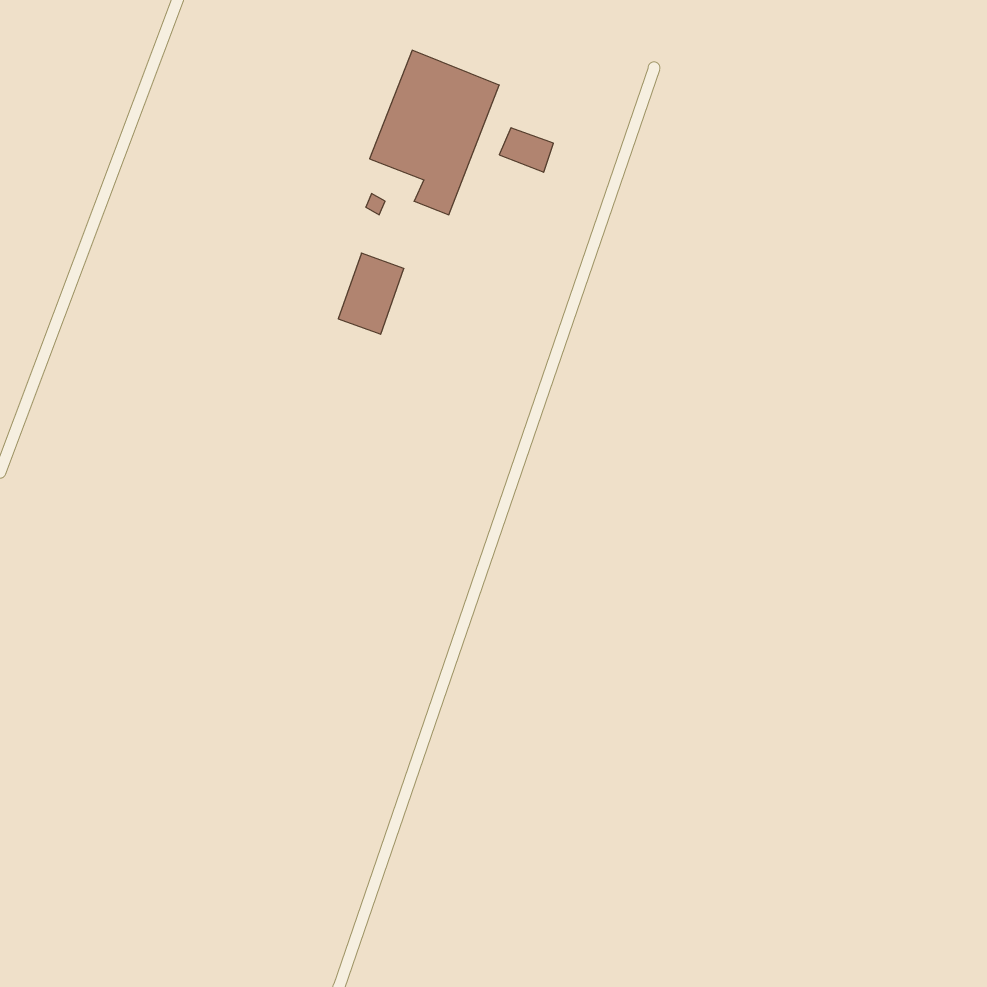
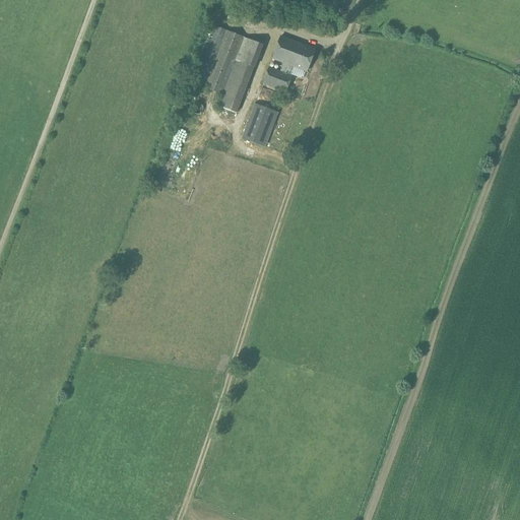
building: none -> [272,36,316,71]
building: [338,253,404,334] -> [243,103,277,145]

